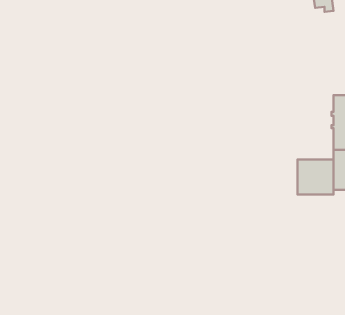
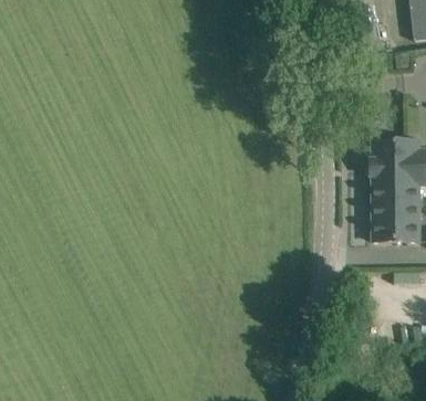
building: [297,160,334,194] -> none

